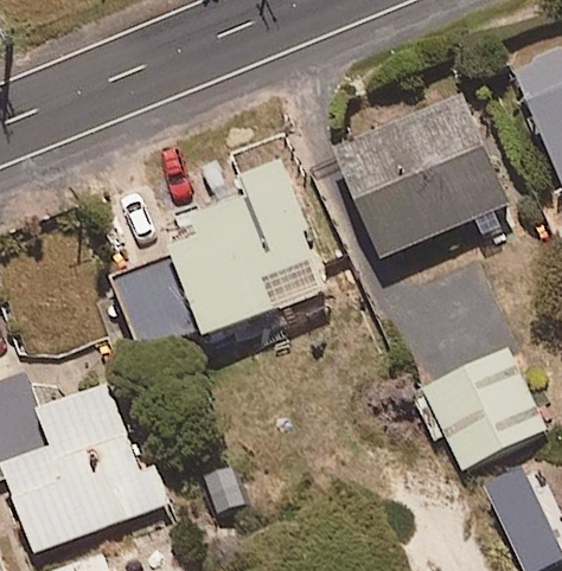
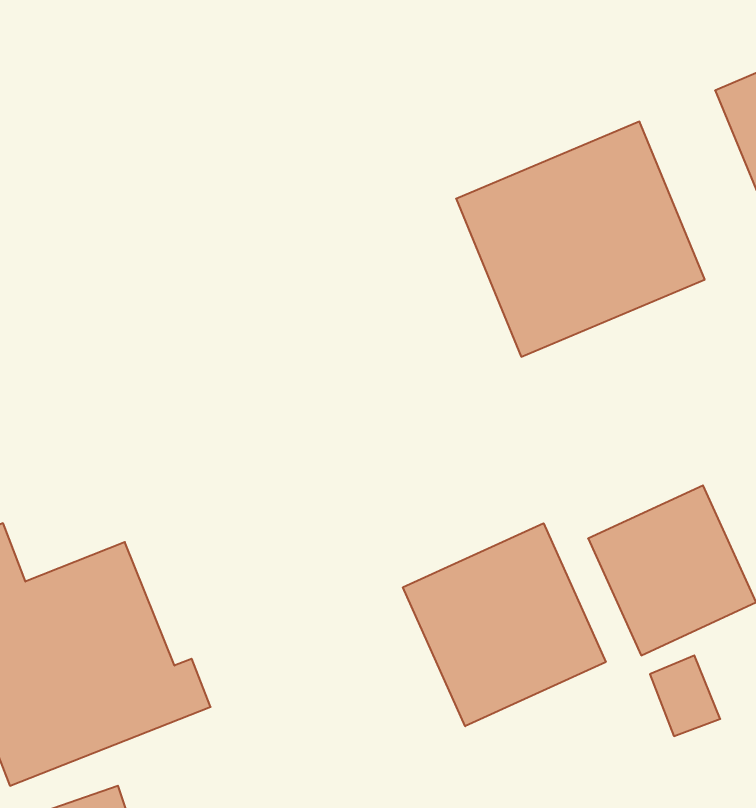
building: [117,161,332,347] -> none
building: none -> [403,523,606,726]

